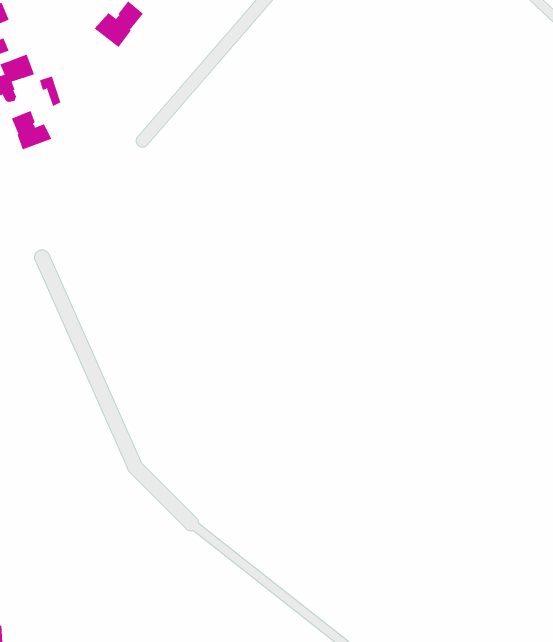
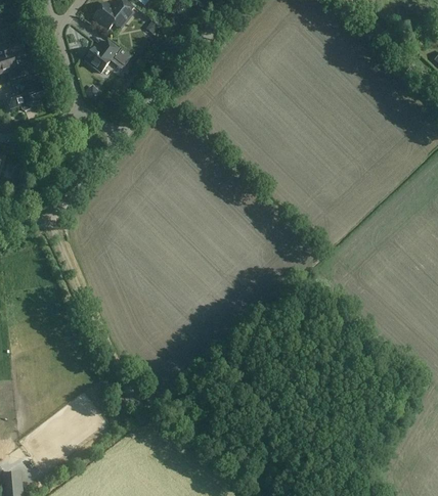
building: [11,110,52,150] -> none

